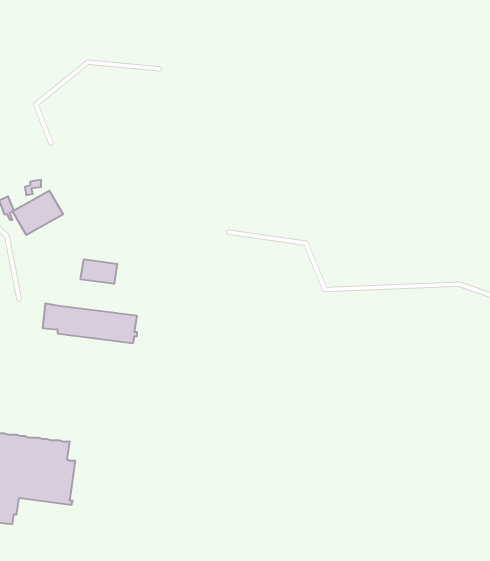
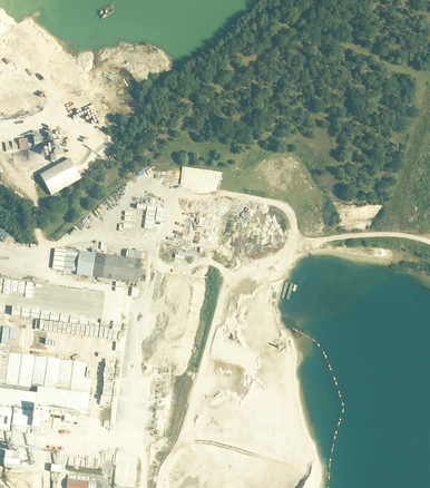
building: [81,259,117,284] -> none

